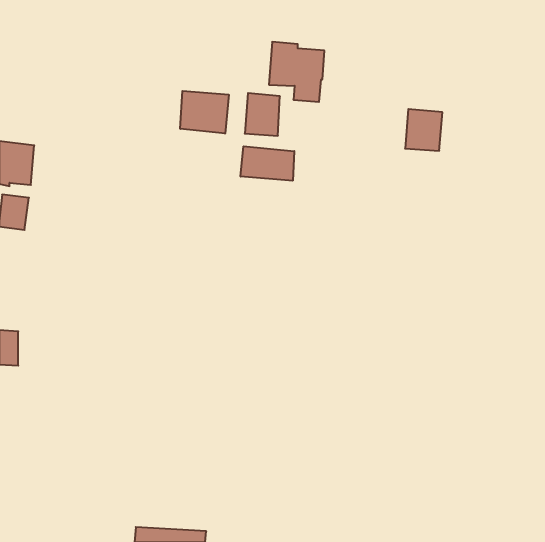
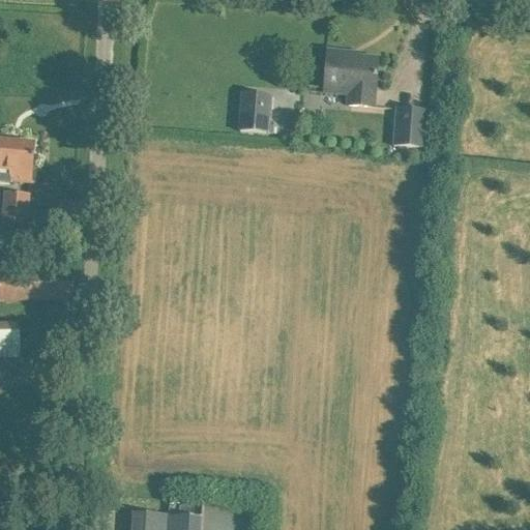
building: [269,42,324,102] -> [323,49,377,107]
building: [180,91,229,134] -> none
building: [241,146,294,181] -> none

